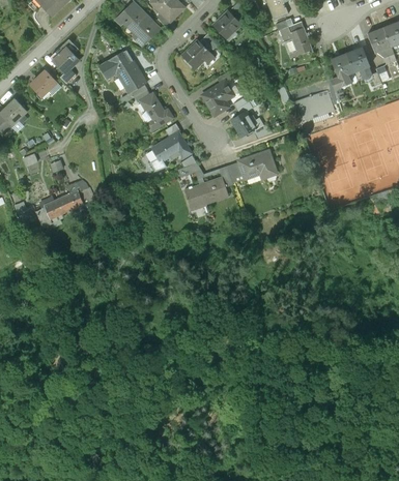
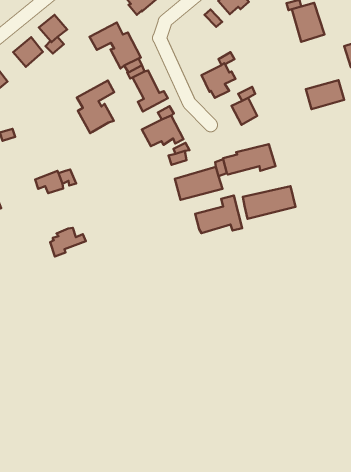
building: [181,40,211,69] -> none
building: none -> [77,80,114,133]
building: none -> [243,186,295,219]
building: [38,199,70,226] -> [50,228,86,256]
building: none -> [195,195,242,233]

